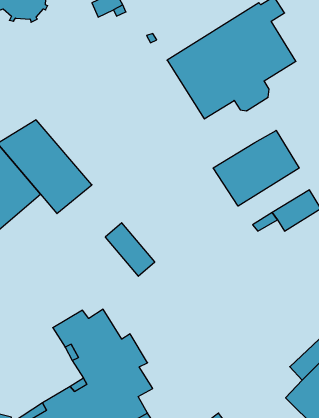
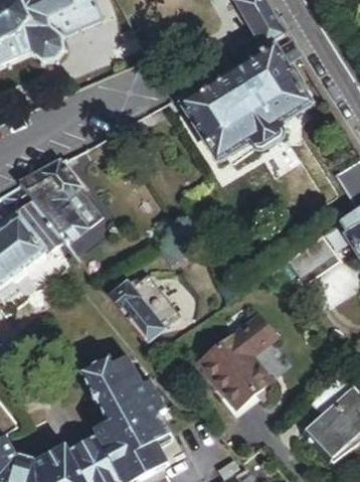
building: [213,130,299,206] -> none
building: none -> [106,275,158,332]
building: none -> [202,311,276,398]

